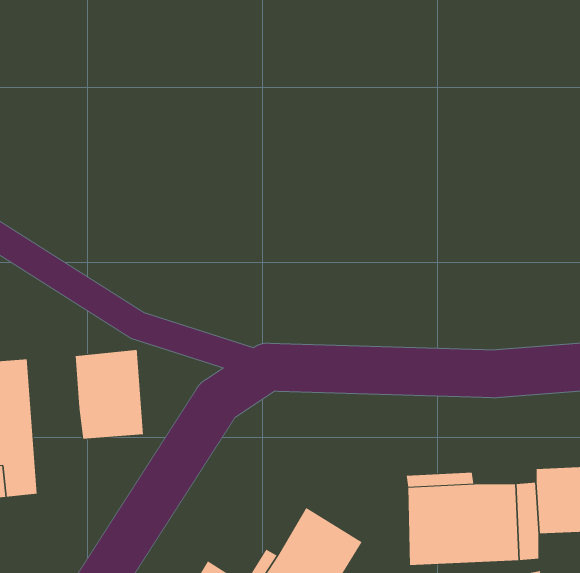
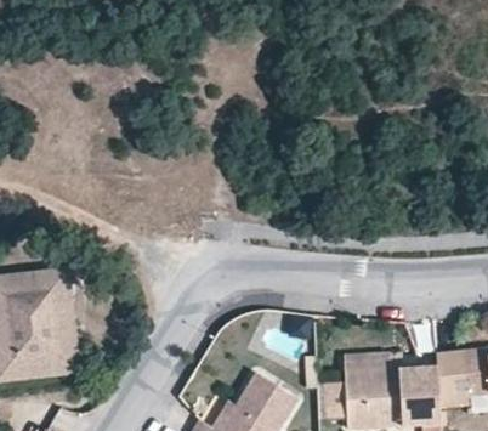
building: [75,349,143,440] -> none

